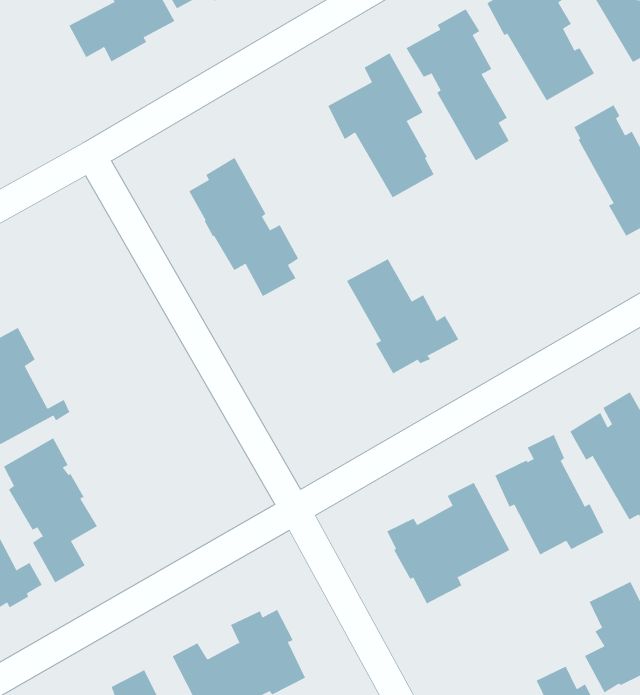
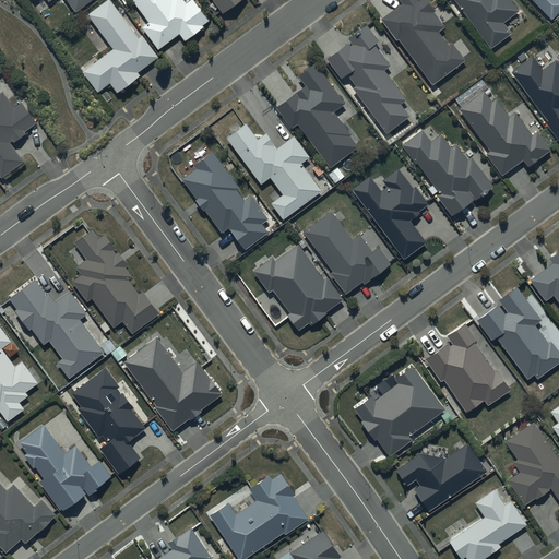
building: none -> [226,123,322,219]
building: none -> [402,130,493,215]
building: none -> [352,168,429,260]
building: none -> [71,229,159,333]
building: none -> [254,243,344,330]
building: none -> [124,338,222,431]
building: none -> [396,443,486,510]

